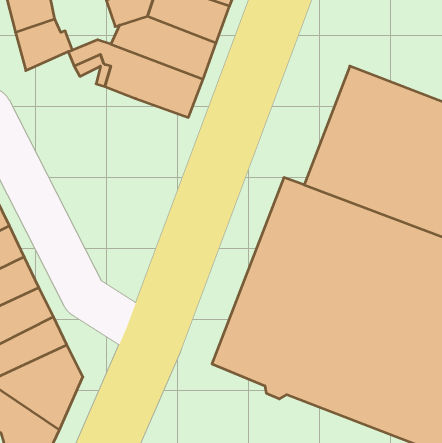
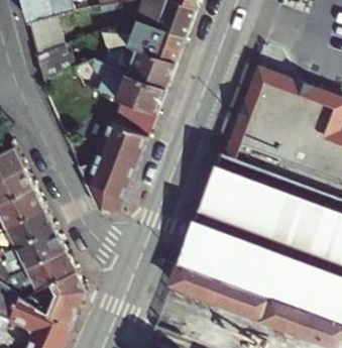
building: none -> [81,98,156,214]

